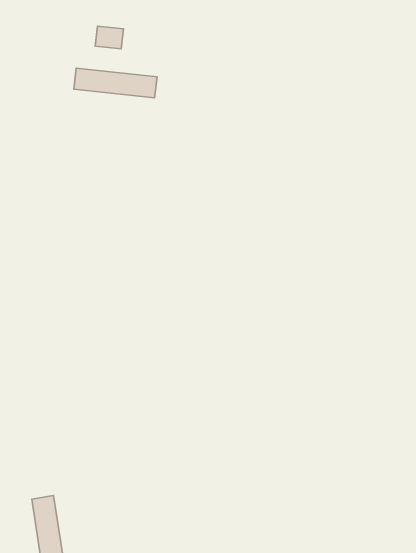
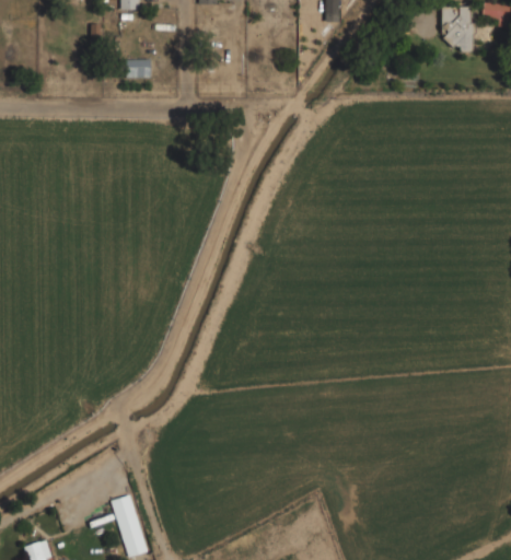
building: [74,68,157,98] -> none

